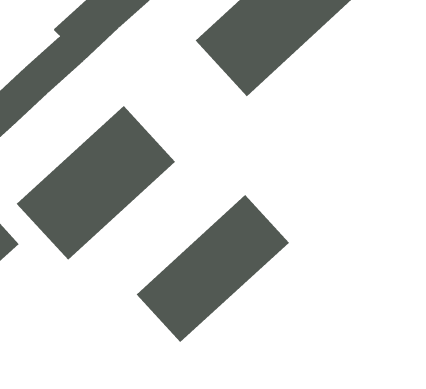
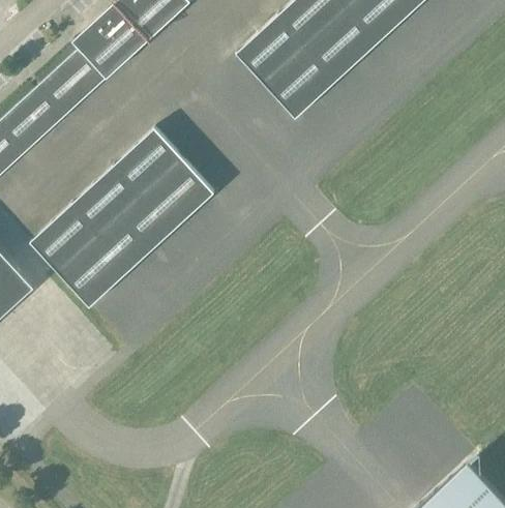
building: [136,194,290,343] -> none

